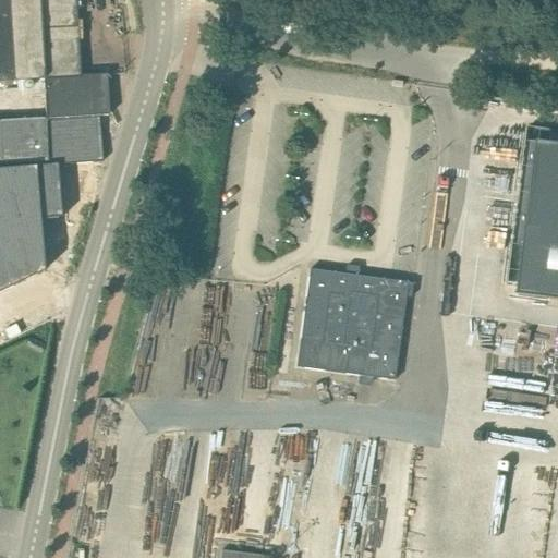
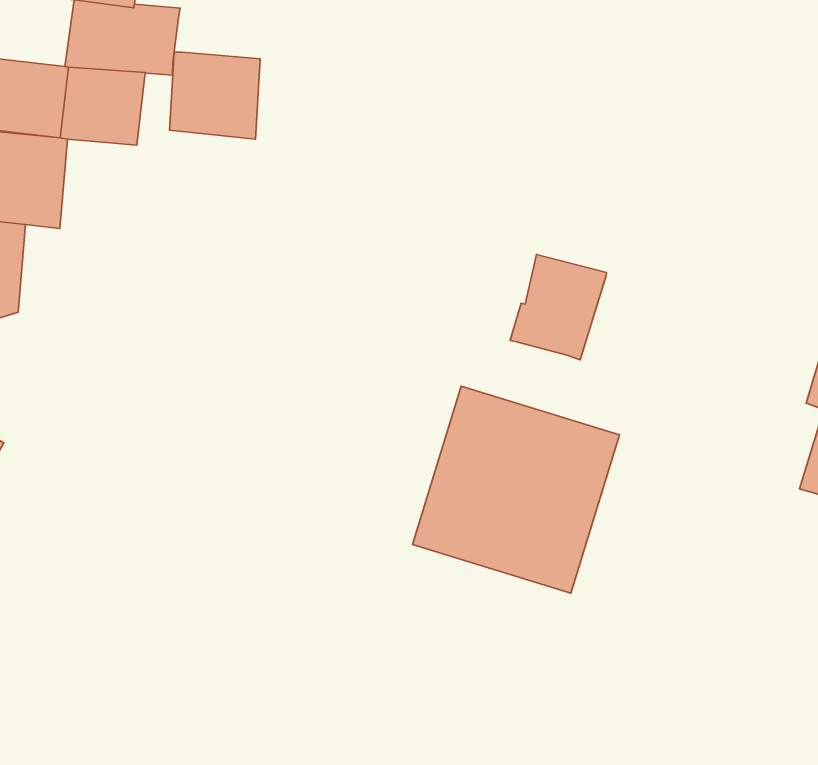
building: none -> [170,52,260,139]
building: none -> [510,254,607,360]

